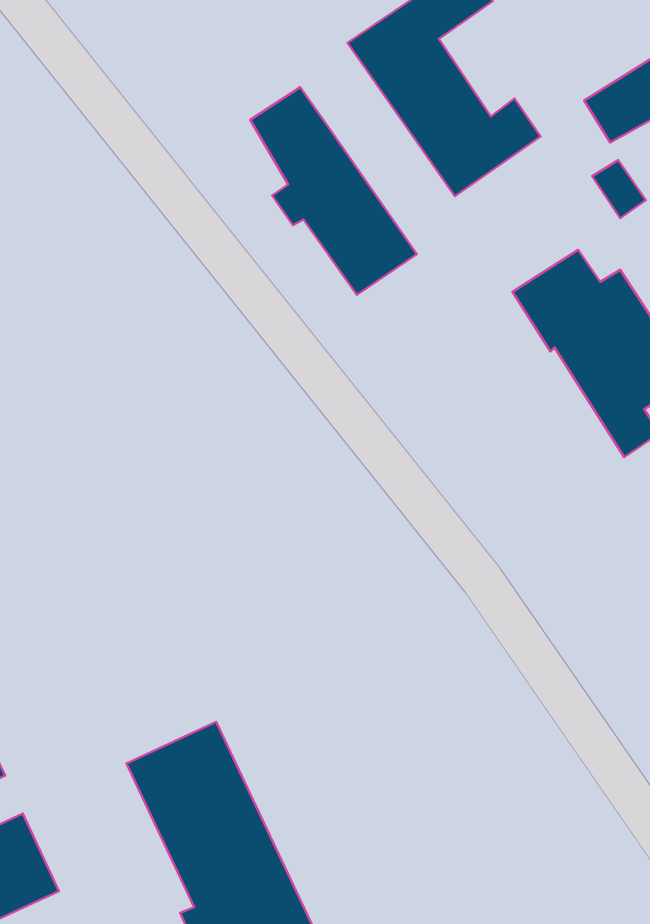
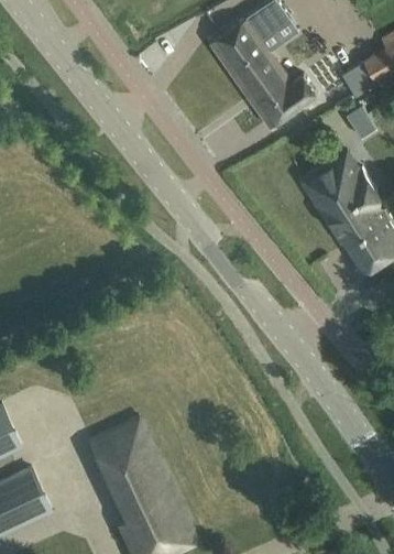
building: [250,87,417,295] -> none

